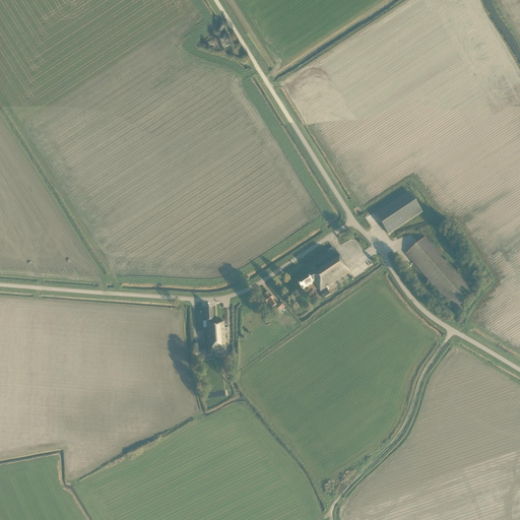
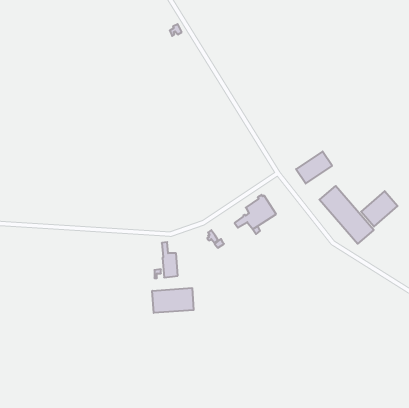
building: none -> [361,191,398,227]
building: none -> [152,288,194,313]

